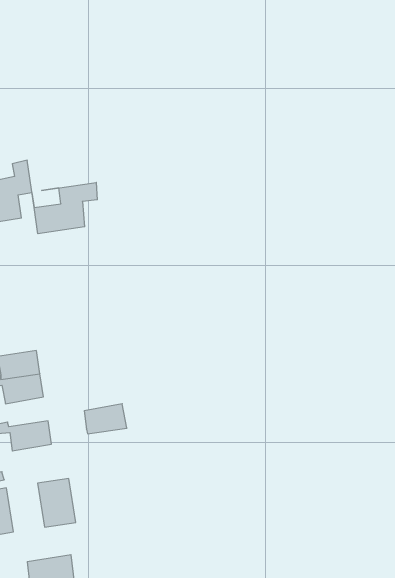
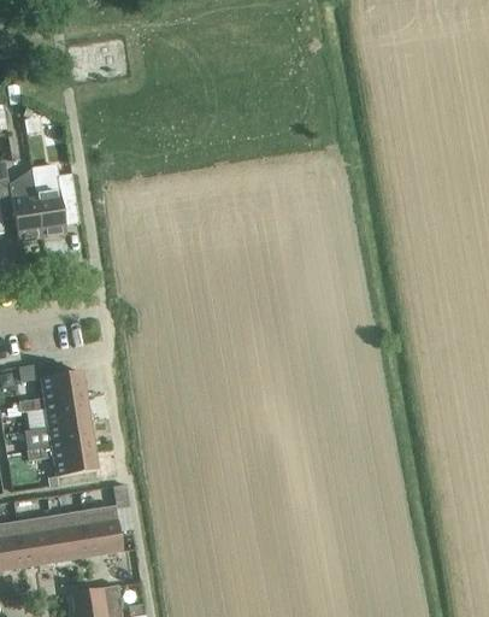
building: [34,182,97,234] -> none
building: [84,404,127,434] -> [48,419,93,451]
building: none -> [49,510,89,560]

